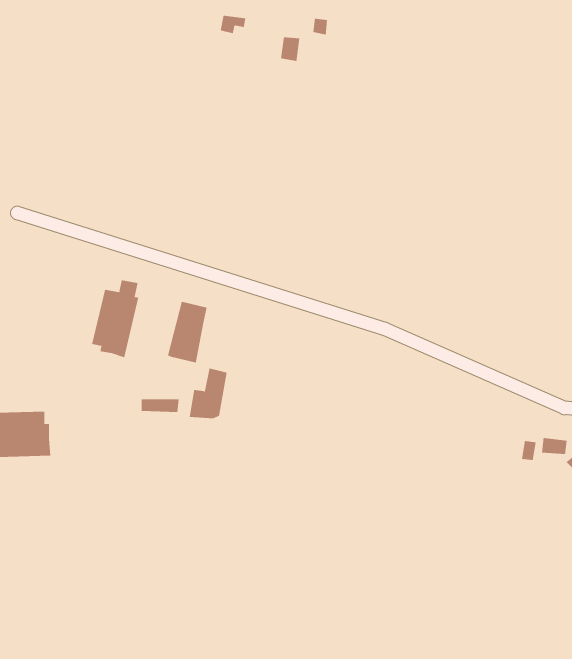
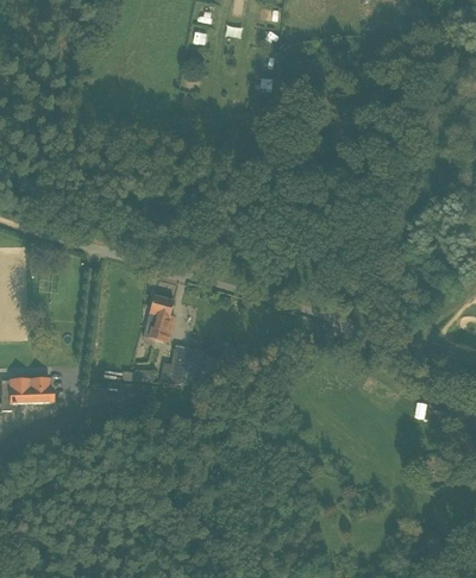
building: [91,279,139,358] -> none

